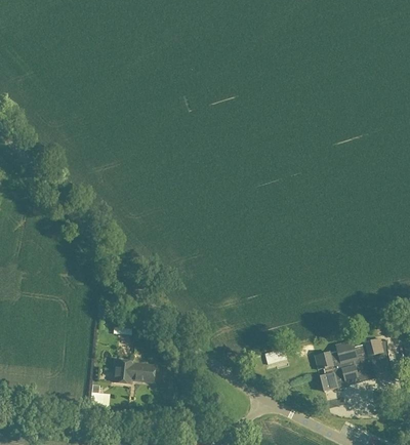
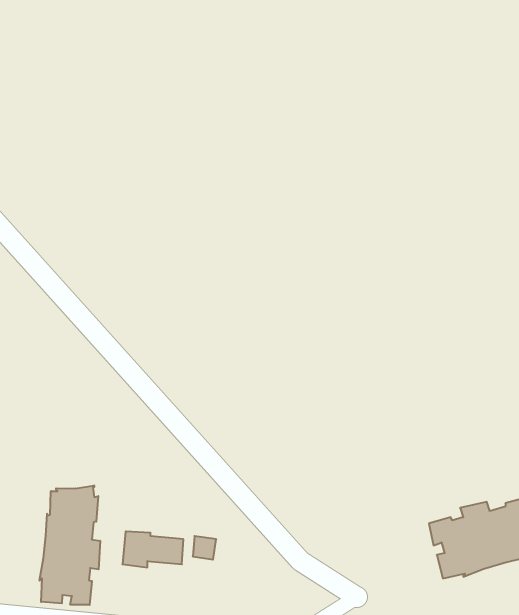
building: none -> [40,485,100,605]

